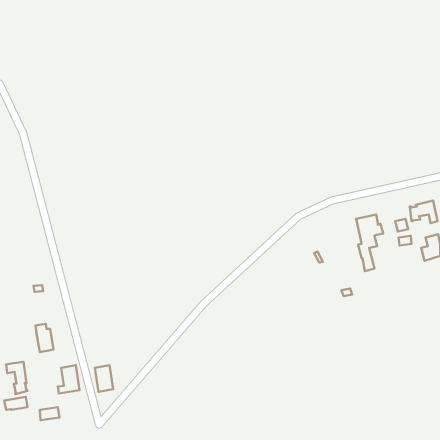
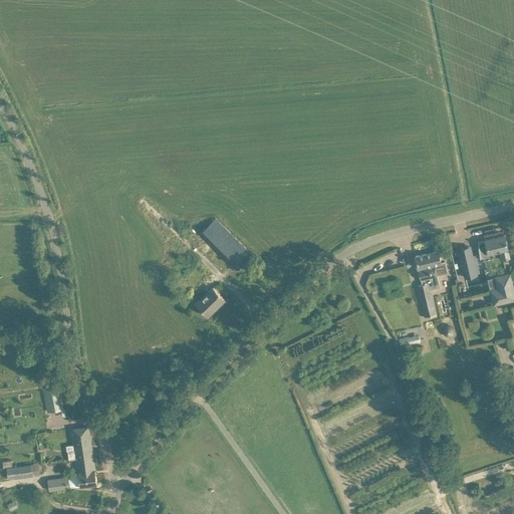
building: none -> [203,218,251,268]
building: none -> [195,286,224,315]
building: [6,362,27,394] -> none
building: [95,365,113,392] -> [75,455,96,486]

